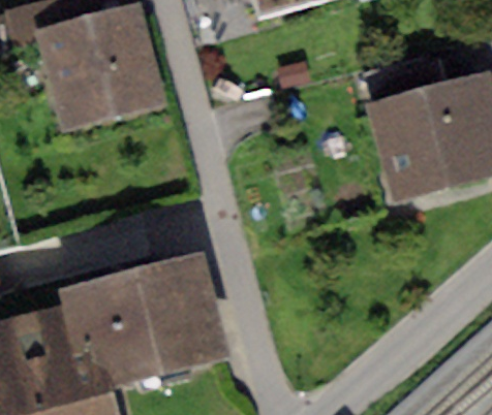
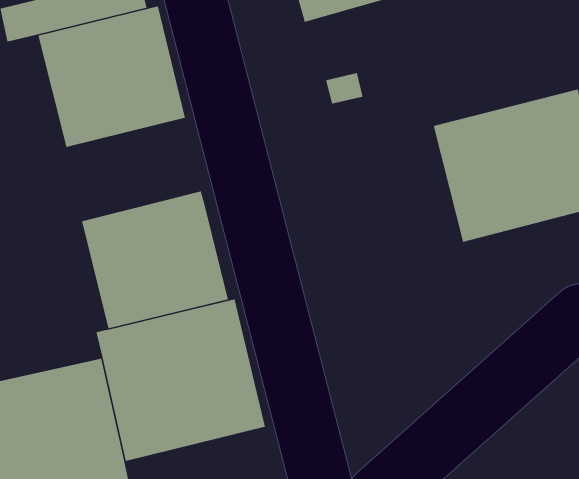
building: none -> [81,190,229,329]

